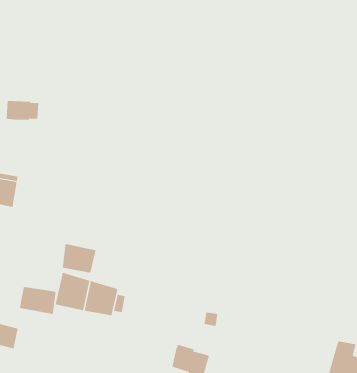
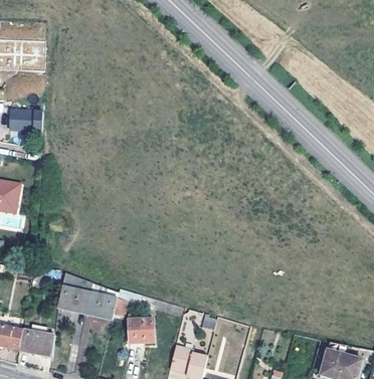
building: [62,243,96,274] -> none
building: [19,286,57,314] -> [18,331,54,358]
building: none -> [128,318,155,343]

